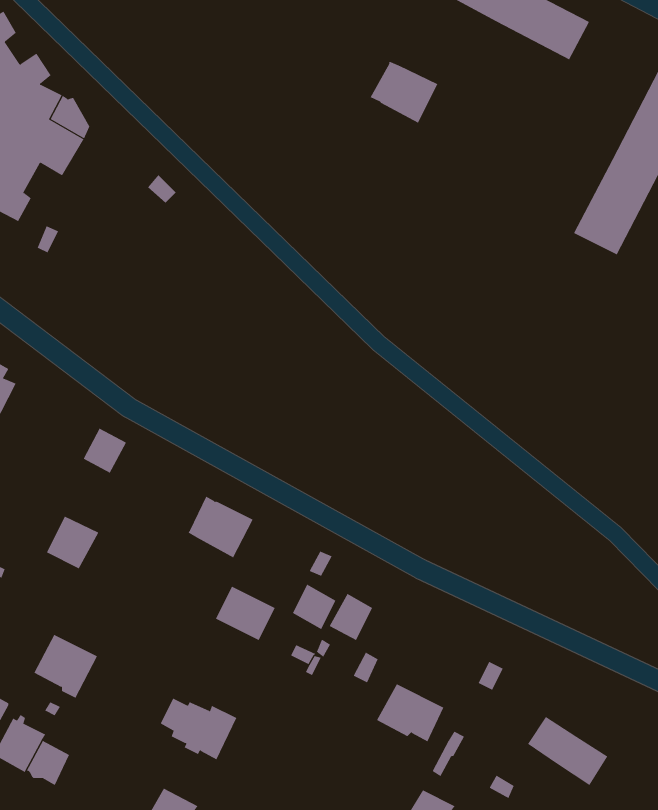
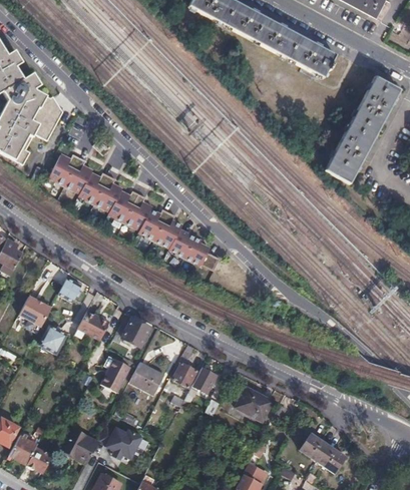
building: [370,61,438,123] -> none
building: none -> [49,155,212,264]
building: none -> [18,296,51,327]
building: none -> [78,312,109,341]
building: none -> [101,358,130,392]
building: [34,634,98,698] -> [63,430,98,465]
building: [376,684,444,742] -> [236,388,273,420]

